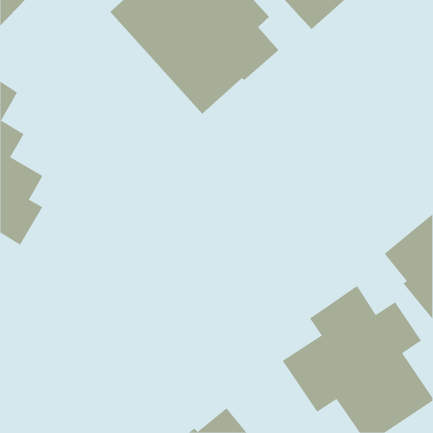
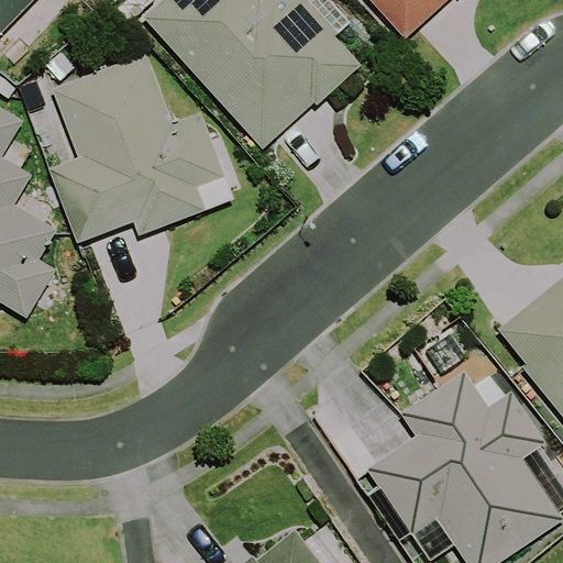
building: none -> [47,51,234,244]

